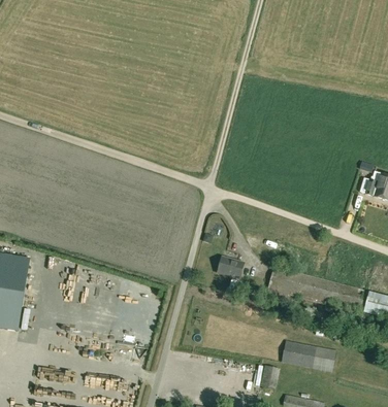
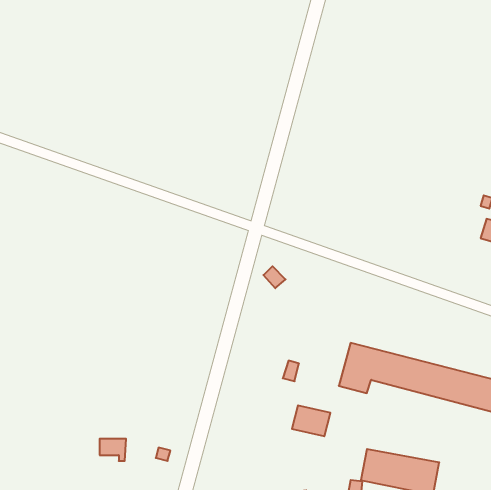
building: [218,259,245,280] -> [292,405,330,436]

